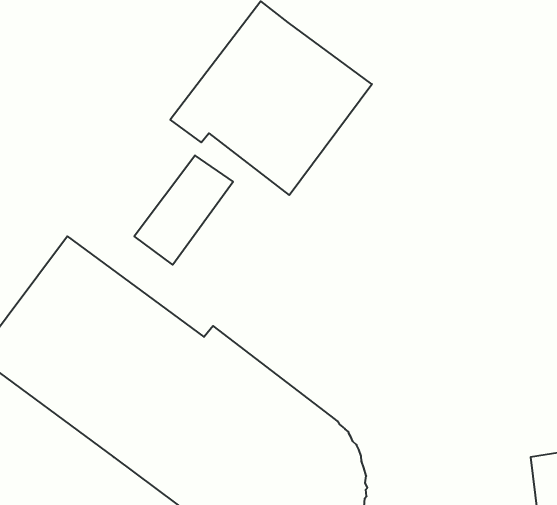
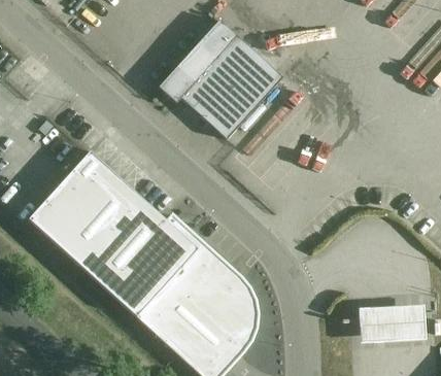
building: [134,155,233,265] -> none

